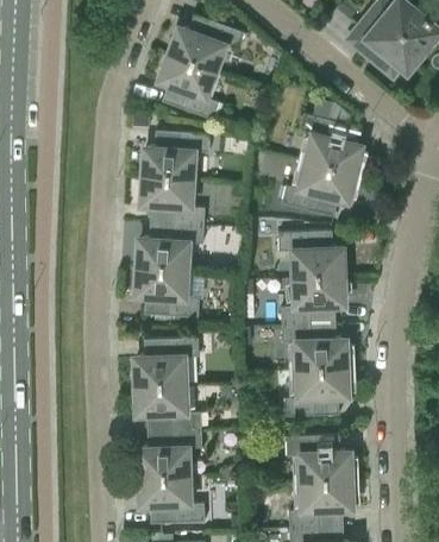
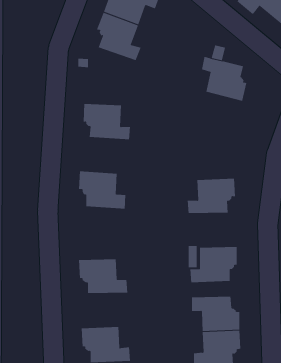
building: [144,130,212,178] -> none
building: [283,160,357,215] -> none
building: [138,221,206,270] -> none
building: [280,229,346,278] -> none
building: [283,322,350,368] -> none
building: [136,336,200,385] -> none
building: [139,429,203,477] -> none

